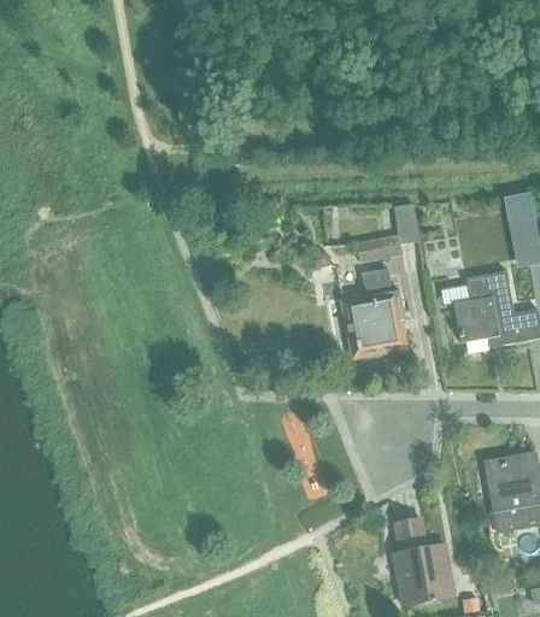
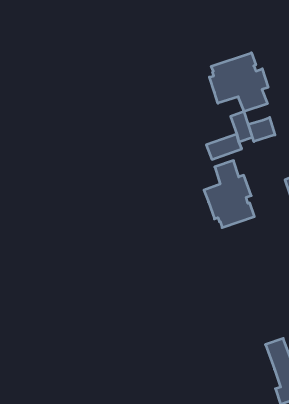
building: none -> [209,53,268,112]
building: none -> [249,117,275,142]

